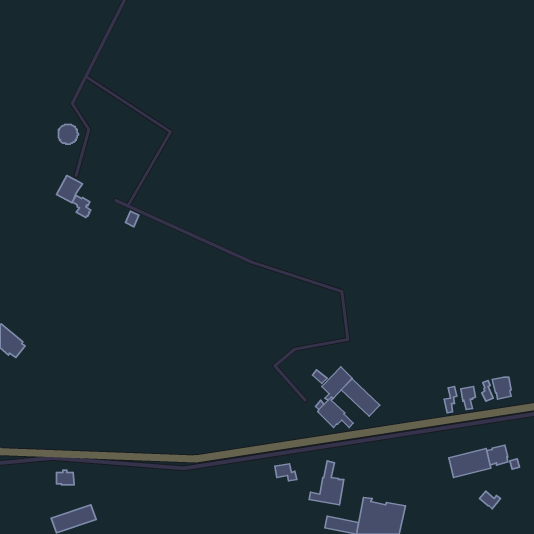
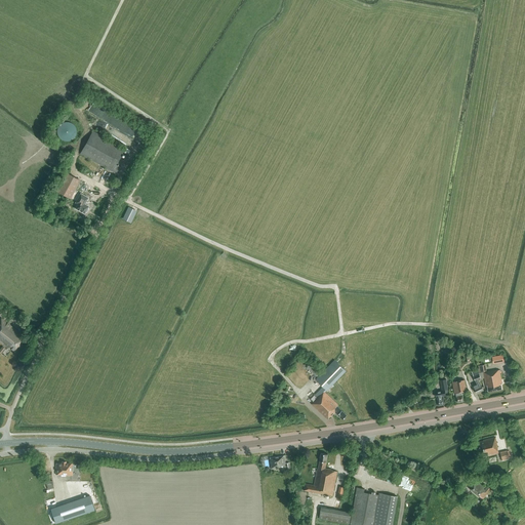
building: none -> [80,131,124,173]
building: [341,379,380,416] -> none
building: [449,449,491,478] -> none

